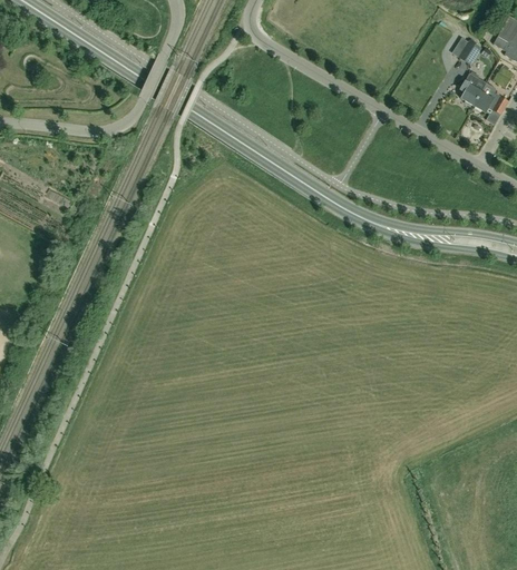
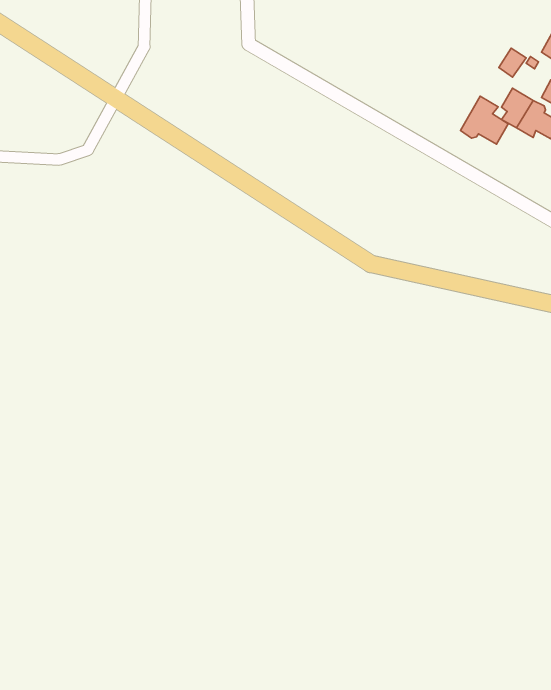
building: none -> [461,96,508,144]

